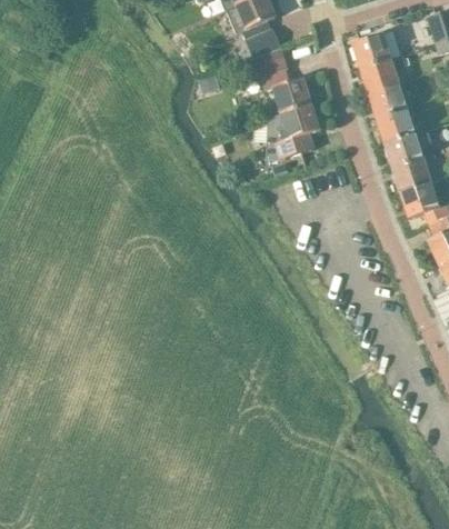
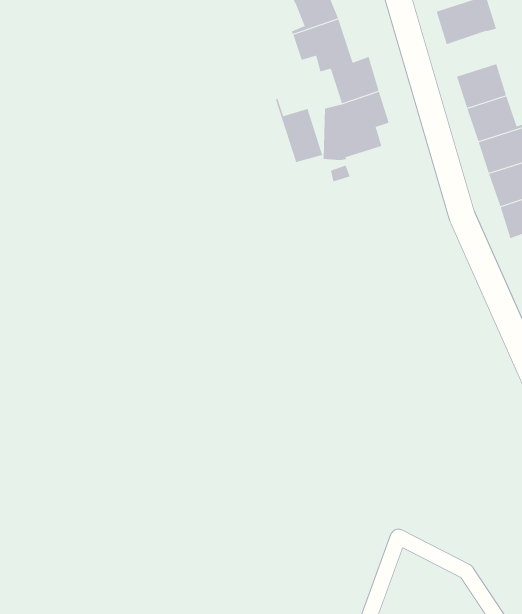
building: [360,56,406,93] -> none
building: none -> [275,99,323,163]

